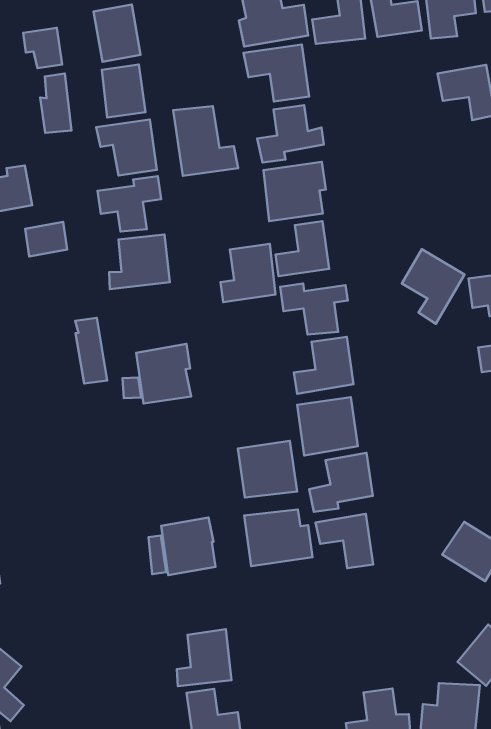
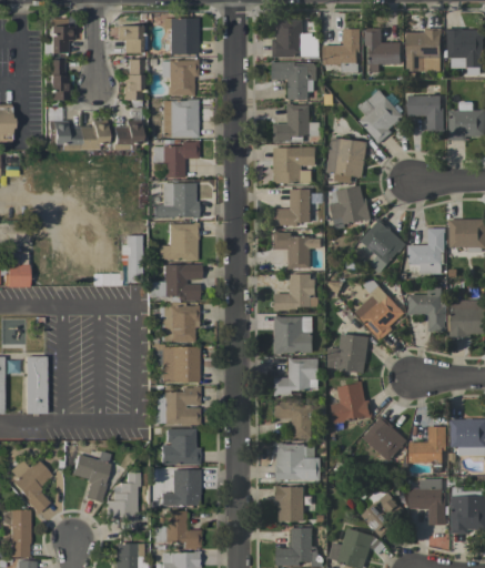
building: none -> [358,90,404,144]
building: [173,106,238,176] -> none
building: none -> [326,136,368,179]
building: none -> [327,185,371,227]
building: [25,222,67,257] -> [113,124,141,145]
building: [220,244,275,302] -> [160,223,199,260]
building: none -> [356,276,404,338]
building: none -> [162,305,200,342]
building: none -> [327,335,367,372]
building: [238,441,297,497] -> [162,346,200,383]
building: none -> [331,383,370,424]
building: [244,509,313,566] -> [276,444,321,480]
building: none -> [161,428,199,465]
building: none -> [72,454,112,501]
building: none -> [275,486,313,521]
building: none -> [107,471,139,518]

